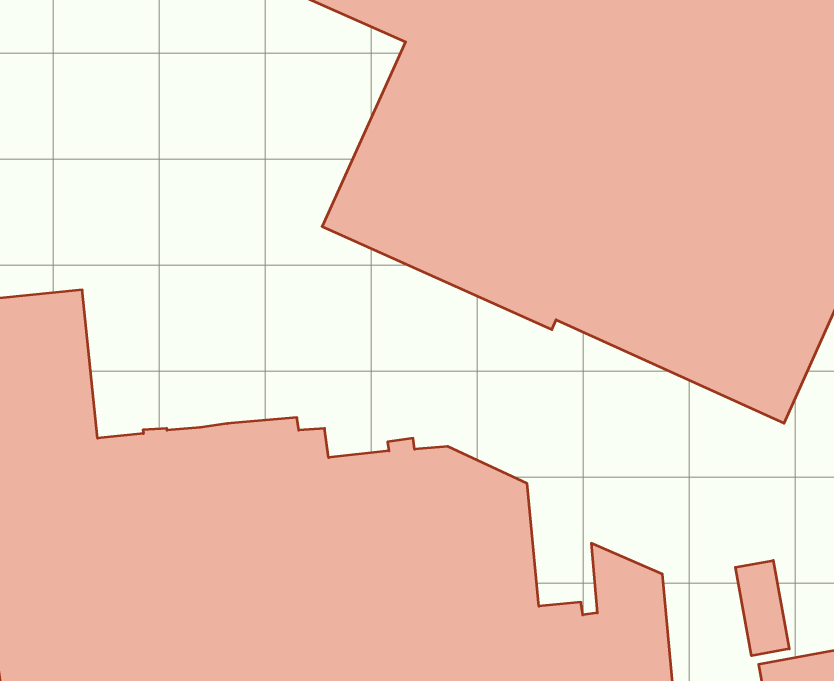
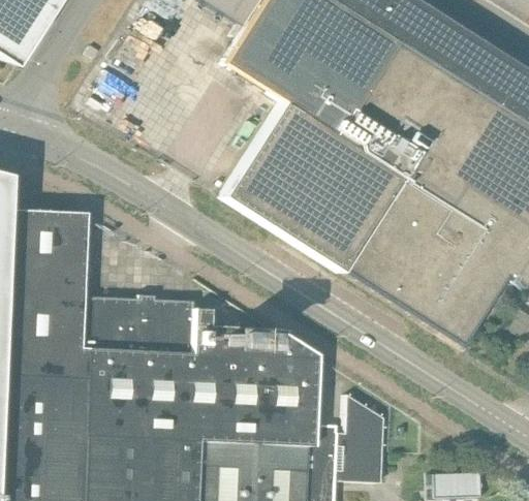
building: [735,560,789,656] -> none

